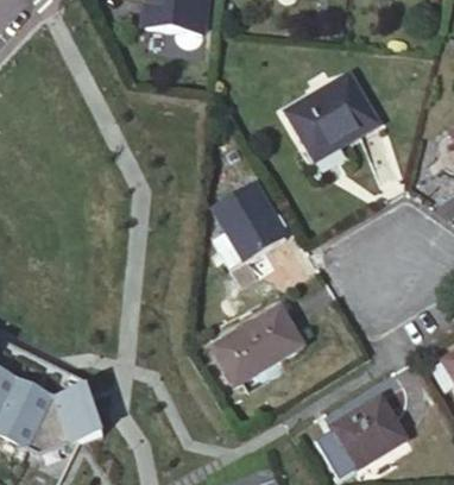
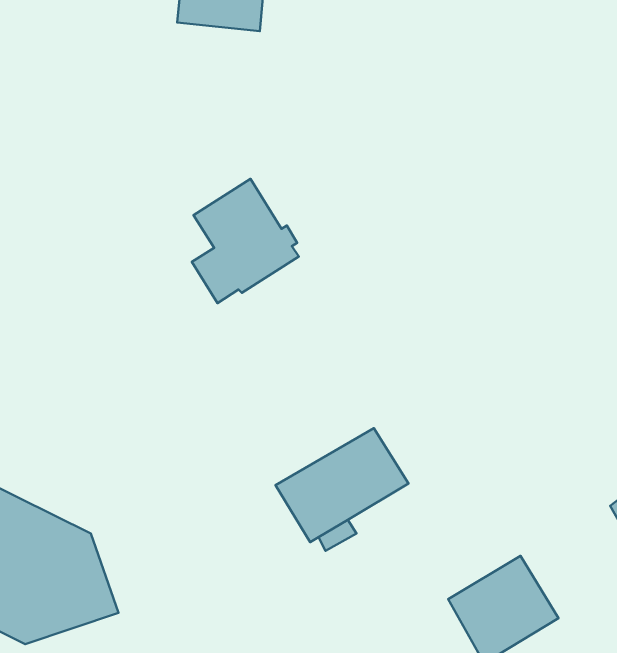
building: [284,73,377,159] -> none
building: [210,182,284,267] -> [192,179,299,303]

